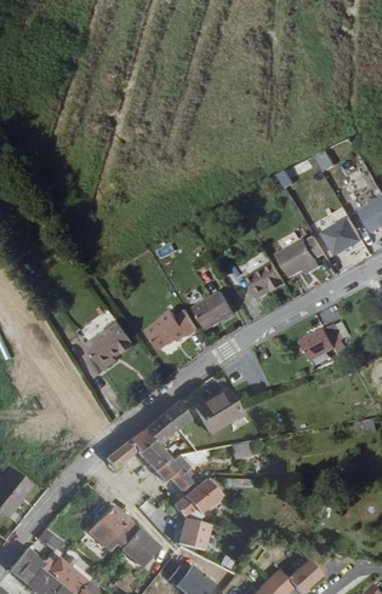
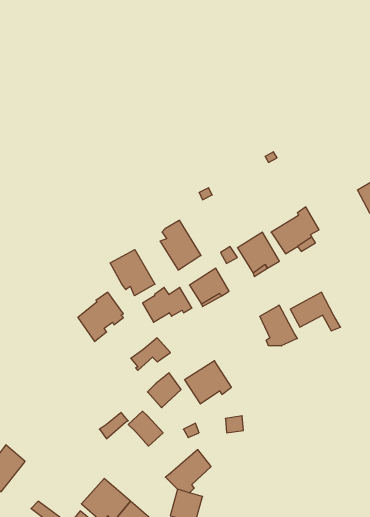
building: [327,221,365,257] -> none
building: none -> [160,220,201,270]
building: none -> [110,250,155,296]
building: none -> [260,305,297,346]
building: [126,417,166,450] -> [131,338,170,370]
building: [154,453,188,489] -> none

